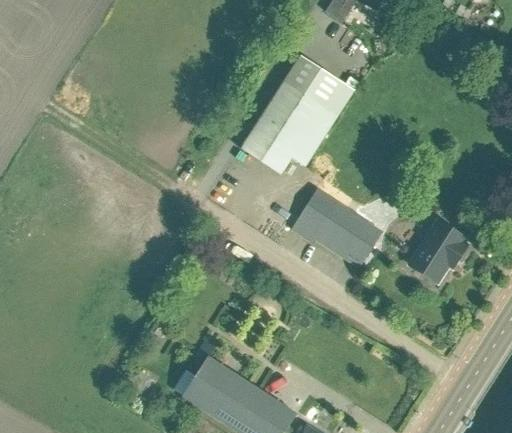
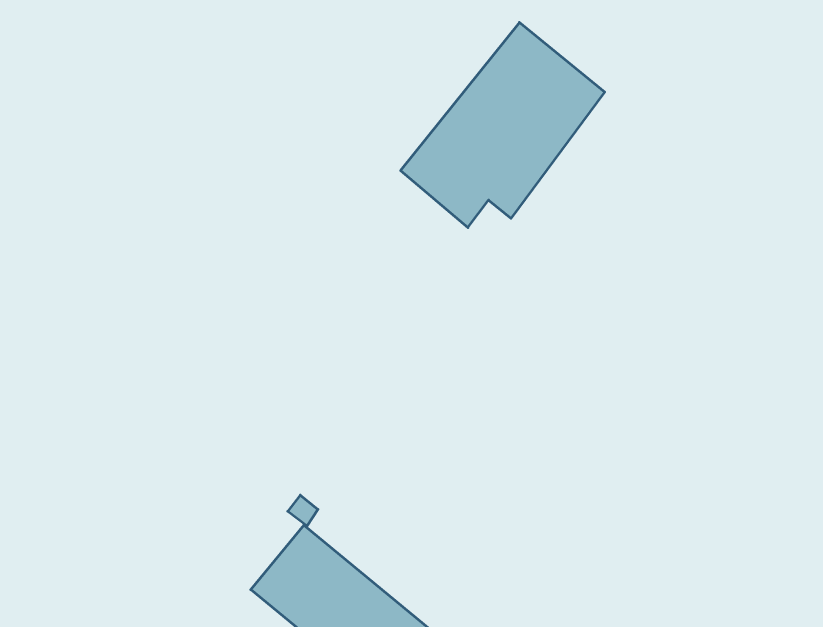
building: [294,197,379,268] -> none
building: [408,221,466,286] -> none

